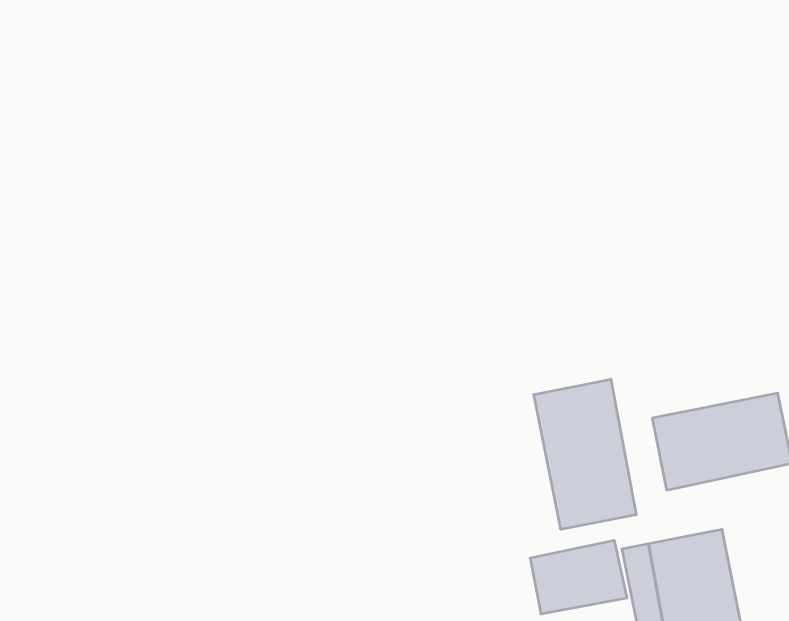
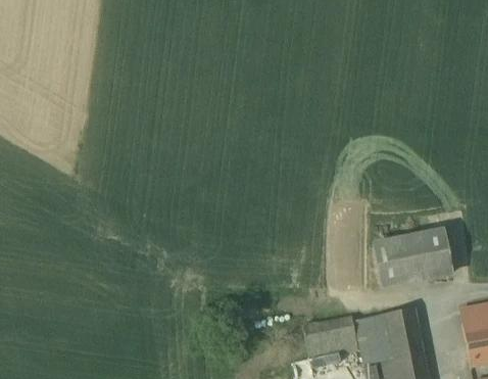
building: [534,379,636,529] -> none

